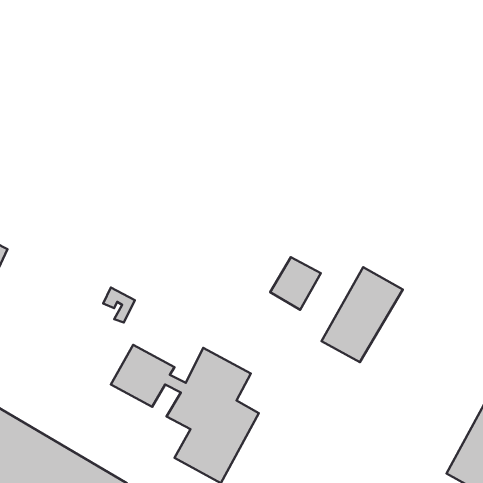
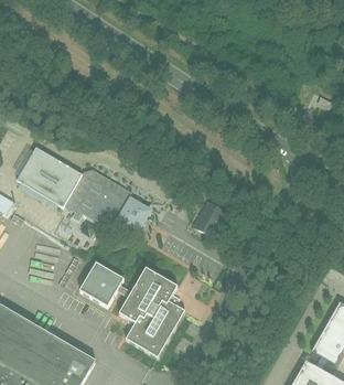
building: none -> [25,151,157,231]
building: [321,267,403,362] -> none

